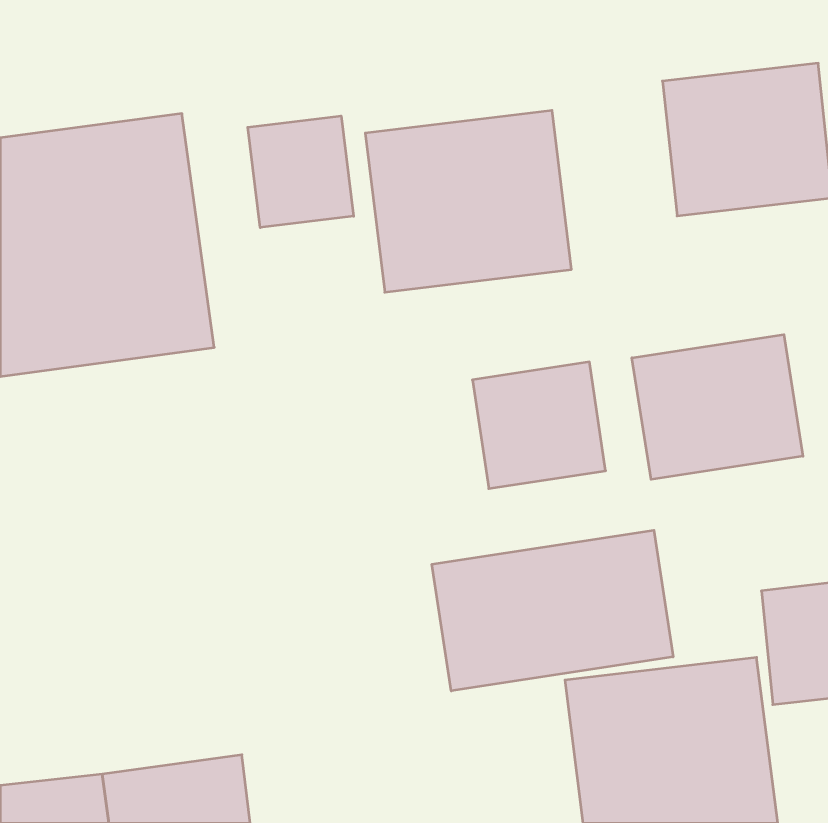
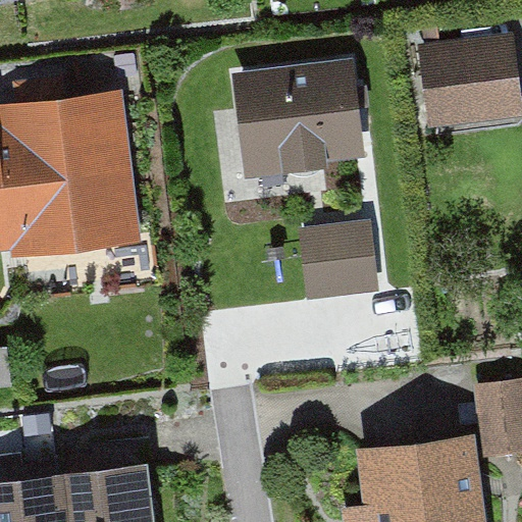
building: [248,116,354,228] -> none
building: [632,335,803,479] -> none
building: [432,530,673,691] -> none

